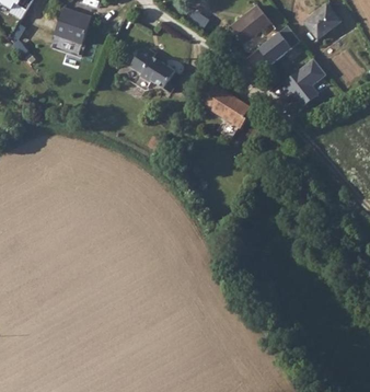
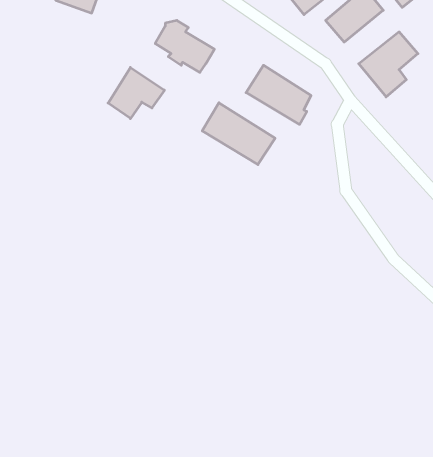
building: none -> [108,67,164,119]
building: none -> [202,103,275,165]

